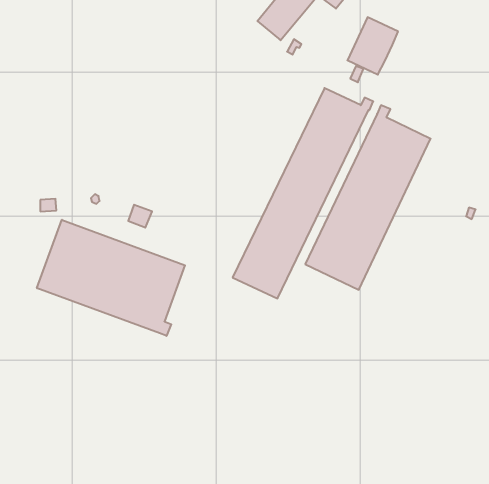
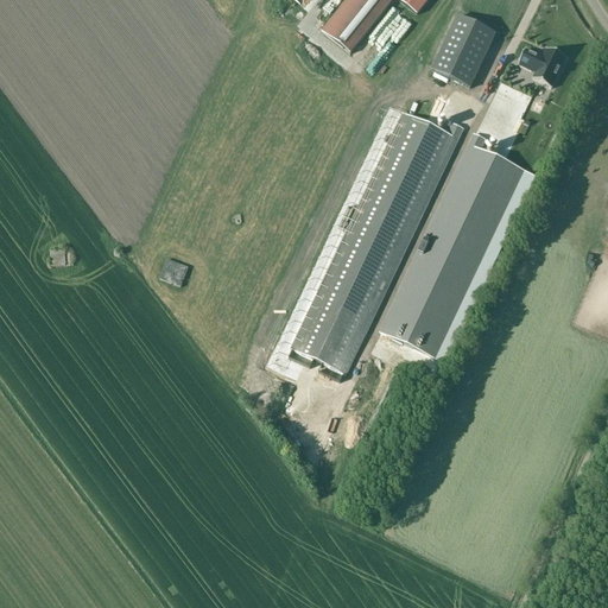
building: none -> [518,45,565,84]
building: [37,220,185,336] -> none

